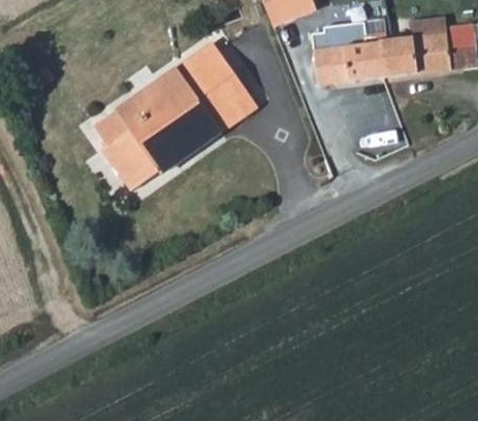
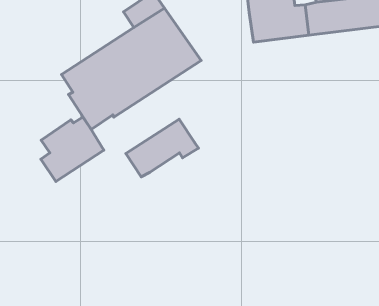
building: none -> [41,117,104,181]
building: none -> [126,119,198,177]

